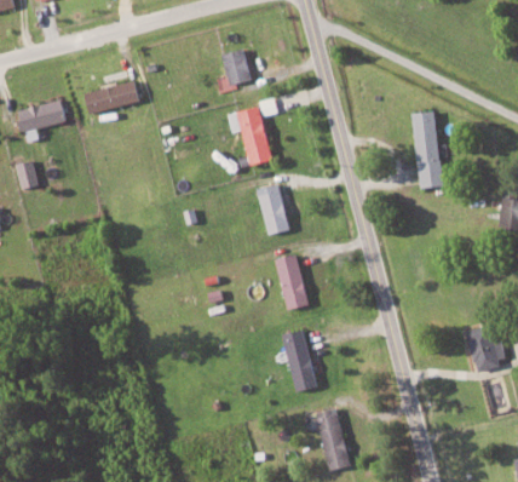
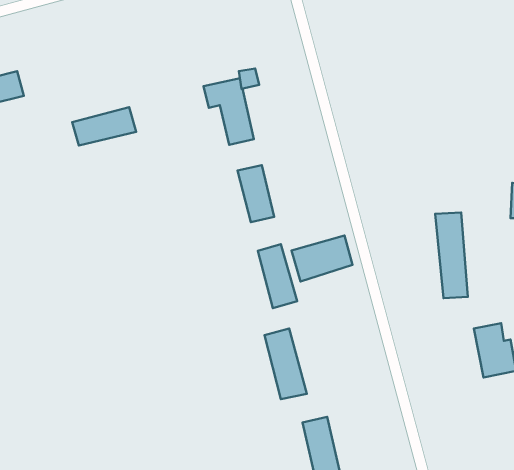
building: [221,47,251,84] -> none
building: [84,79,140,113] -> [72,107,136,145]
building: [413,110,442,187] -> [435,212,468,298]
building: none -> [292,236,353,282]

